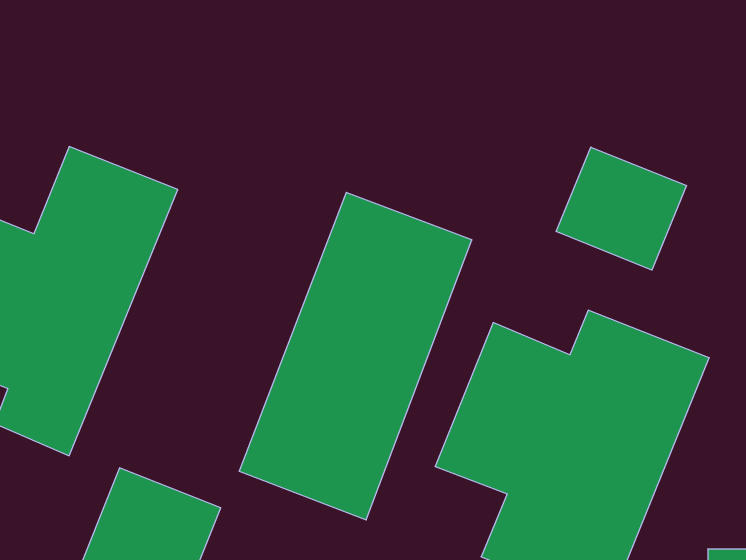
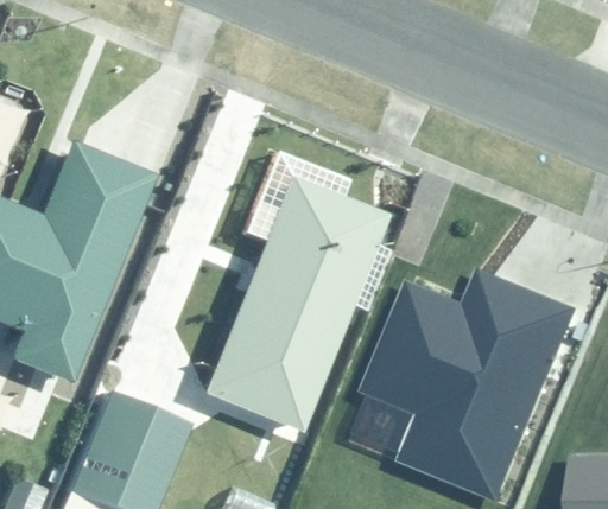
building: [556,147,687,270] -> none

